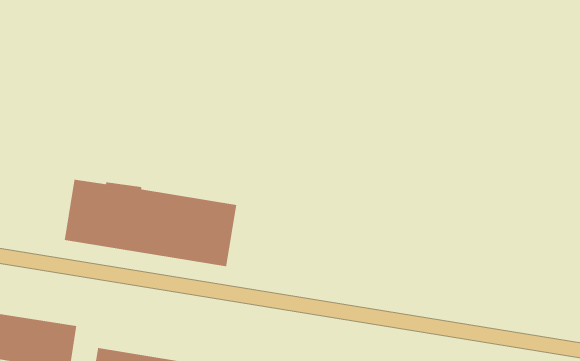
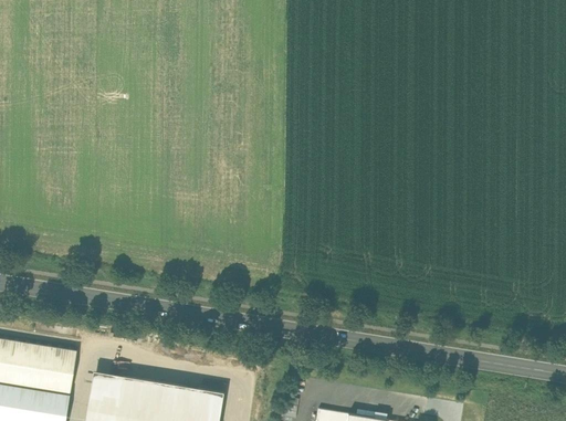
building: [64,179,237,267] -> none

